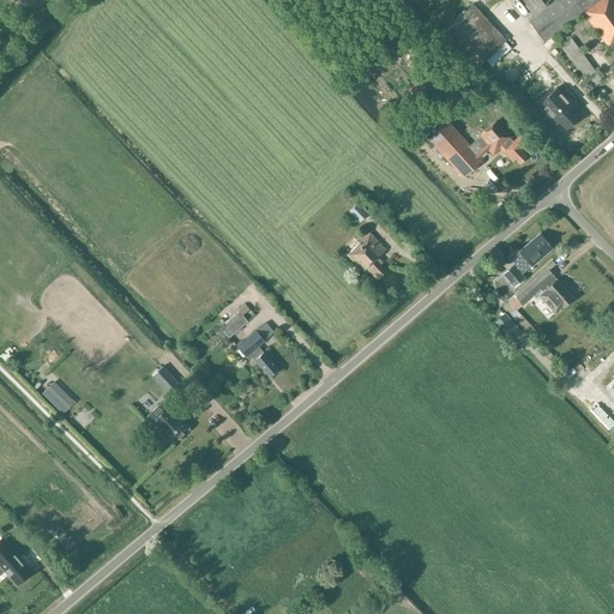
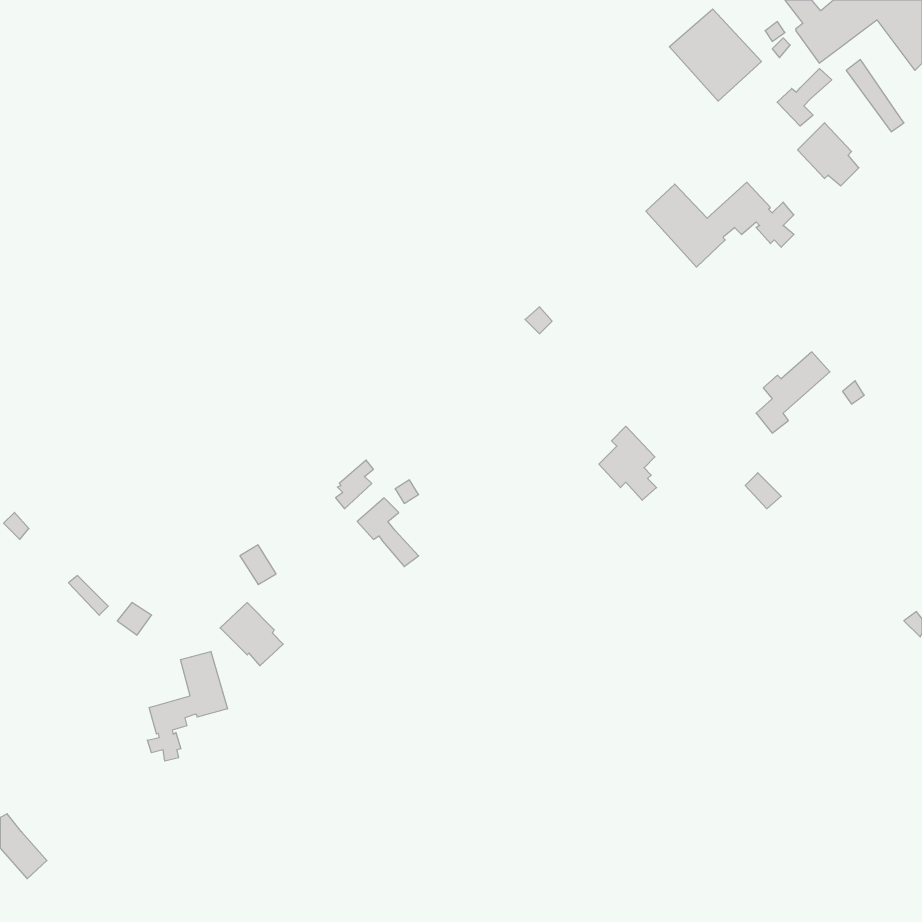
building: none -> [777,69,832,126]
building: [348,230,386,279] -> [599,426,657,500]
building: [516,270,573,313] -> none
building: none -> [147,651,228,761]

